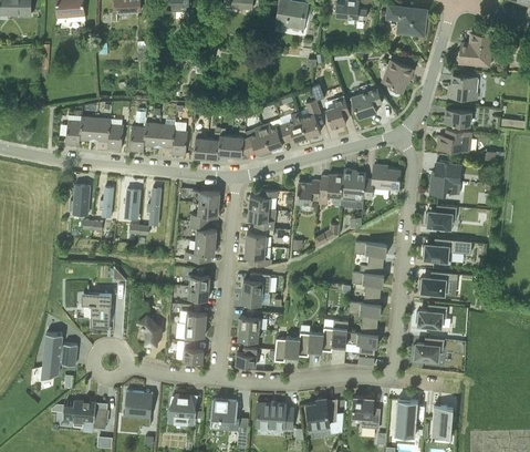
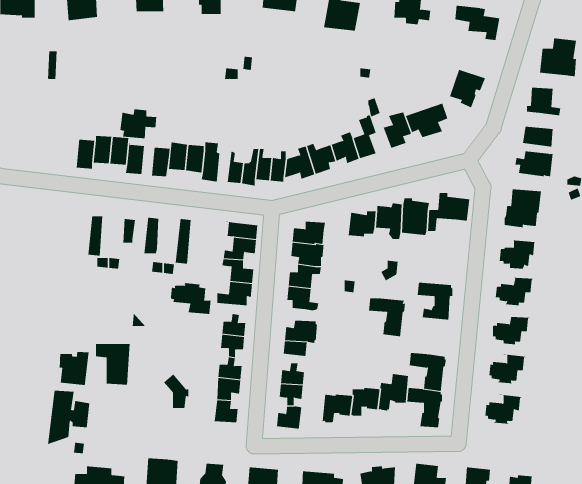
building: none -> [120,108,157,139]
building: none -> [170,282,211,315]
building: [352,271,384,305] -> [368,298,406,337]
building: none -> [59,351,89,386]

